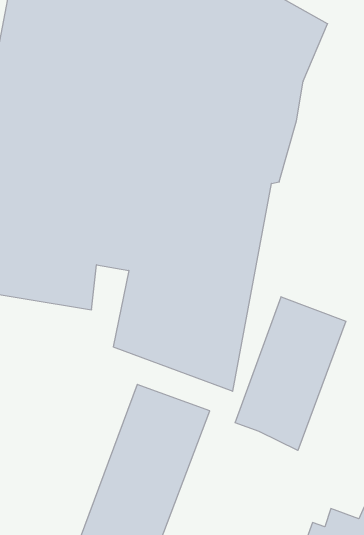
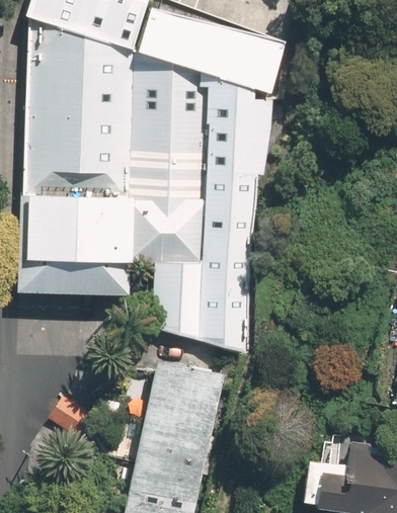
building: [235,297,346,450] -> none

